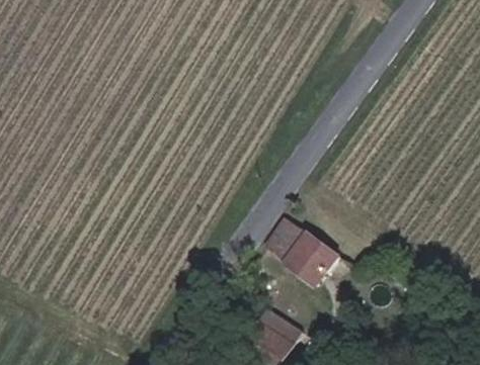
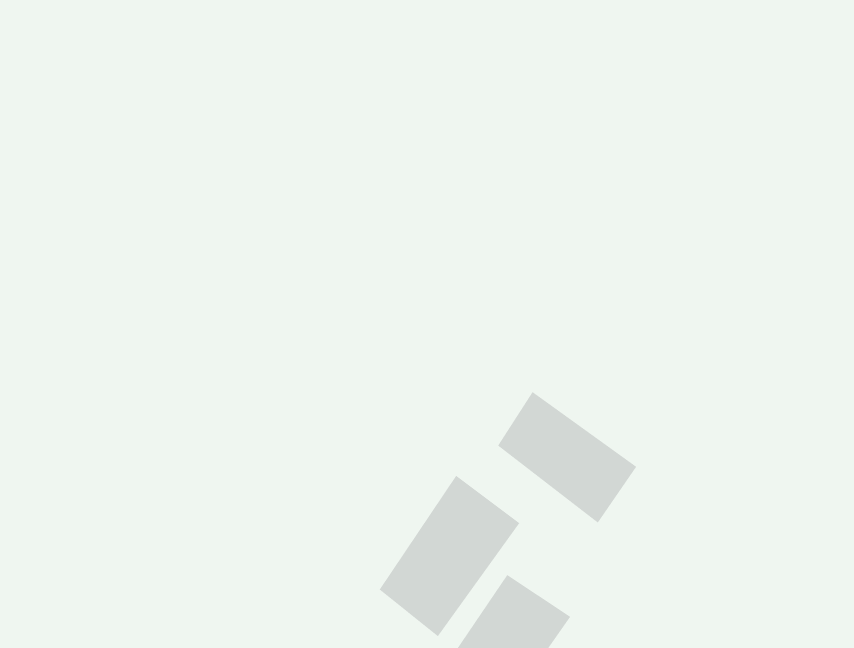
building: none -> [379,475,520,637]

